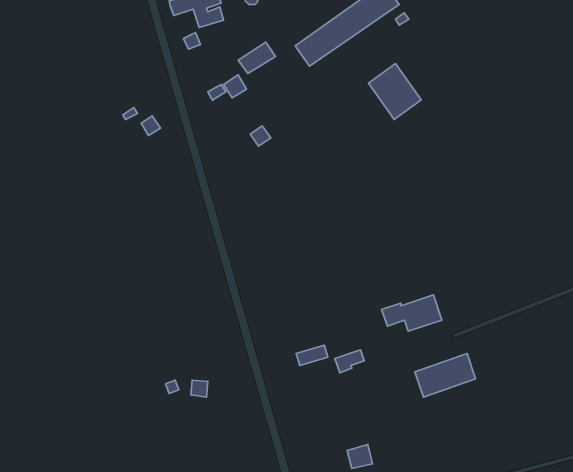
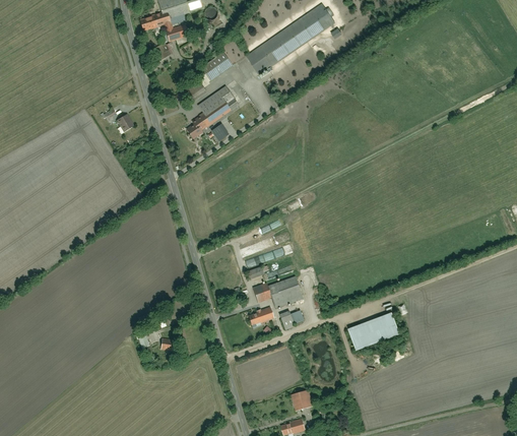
building: [369,64,421,119] -> none
building: none -> [187,84,239,138]
building: [381,295,442,331] -> [253,275,304,306]

